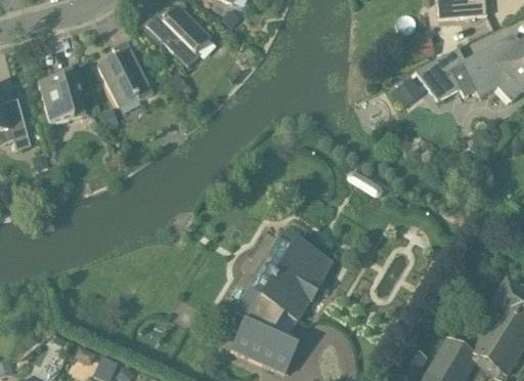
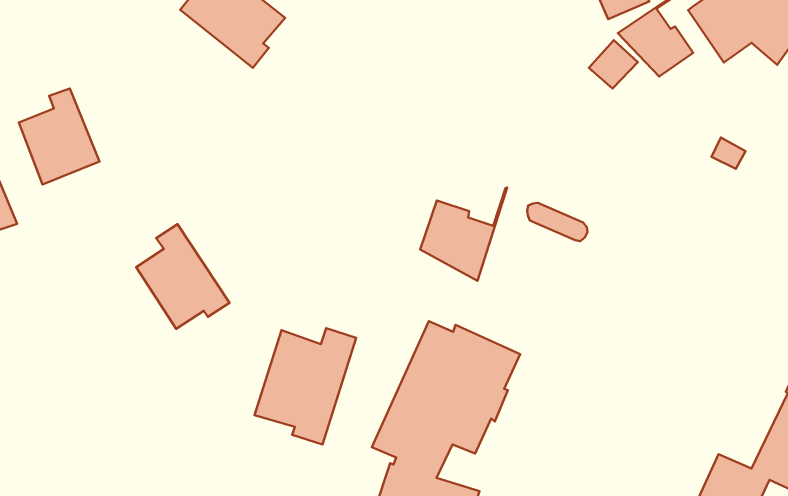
building: [98,40,154,104] -> [136,224,230,329]
building: none -> [420,188,507,281]
building: none -> [254,328,356,444]

